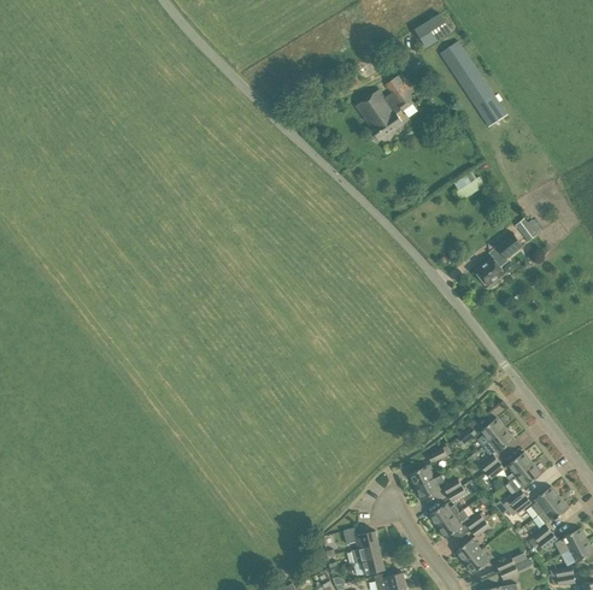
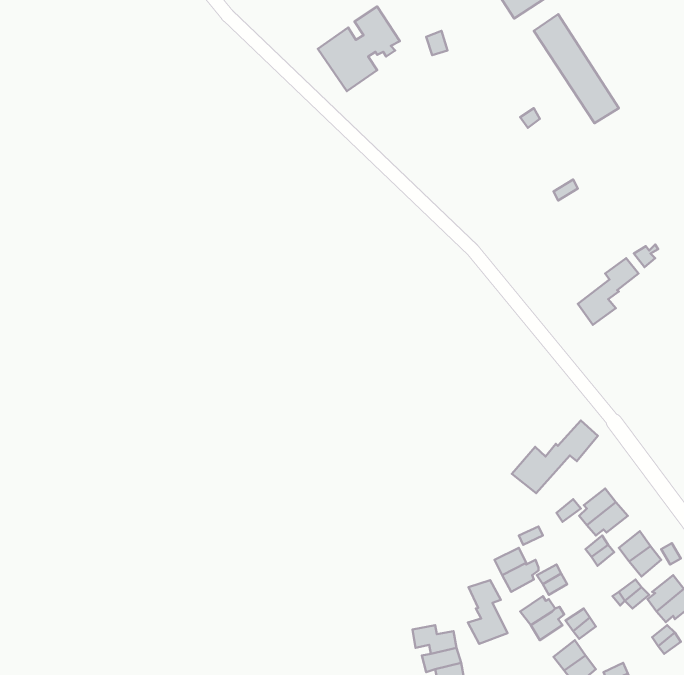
building: [356,72,421,140] -> [318,6,400,91]
building: none -> [512,421,598,493]
building: none -> [468,580,508,644]

